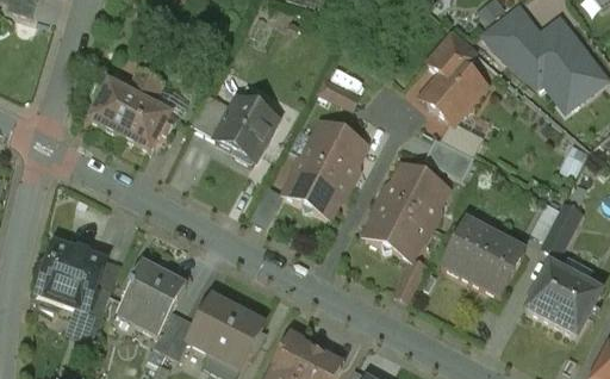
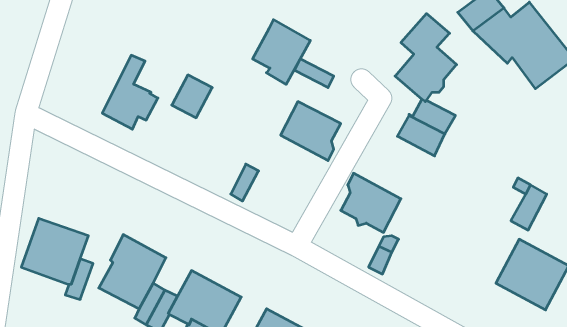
building: [88,67,150,133] -> none
building: [217,98,276,164] -> [253,20,310,84]
building: [285,156,353,215] -> none
building: [379,163,447,222] -> none
building: [441,218,524,294] -> none

